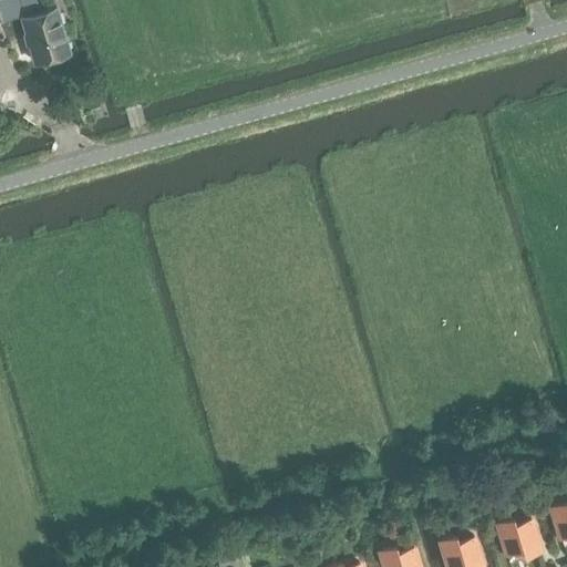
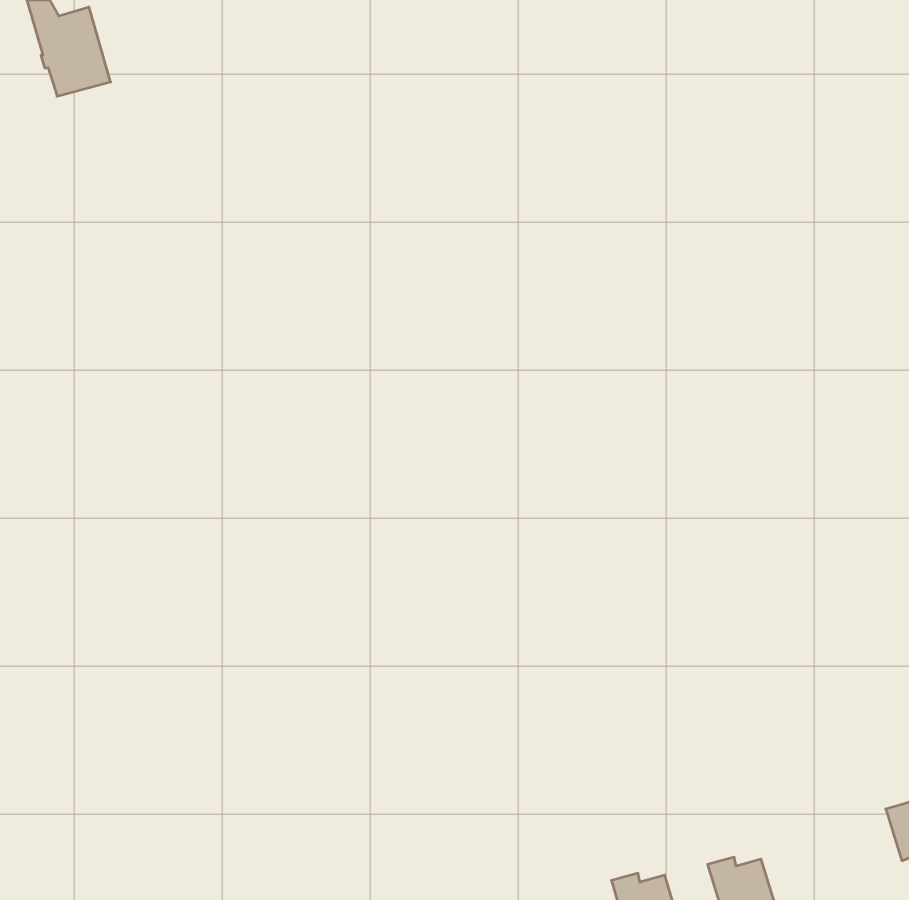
building: [498,522,542,559] -> none

